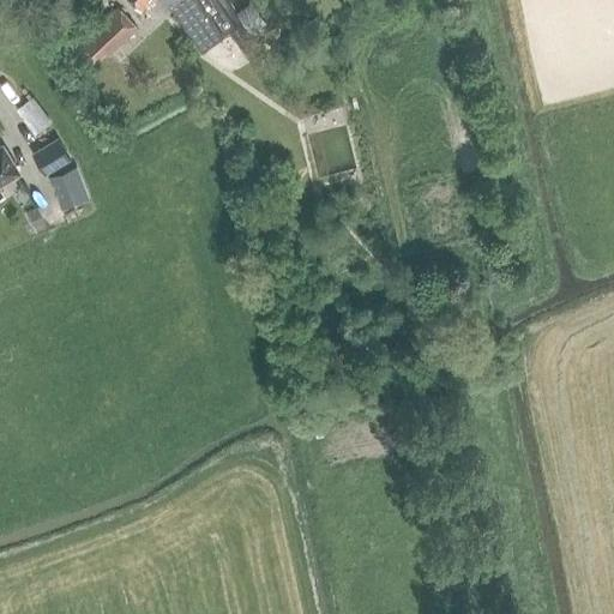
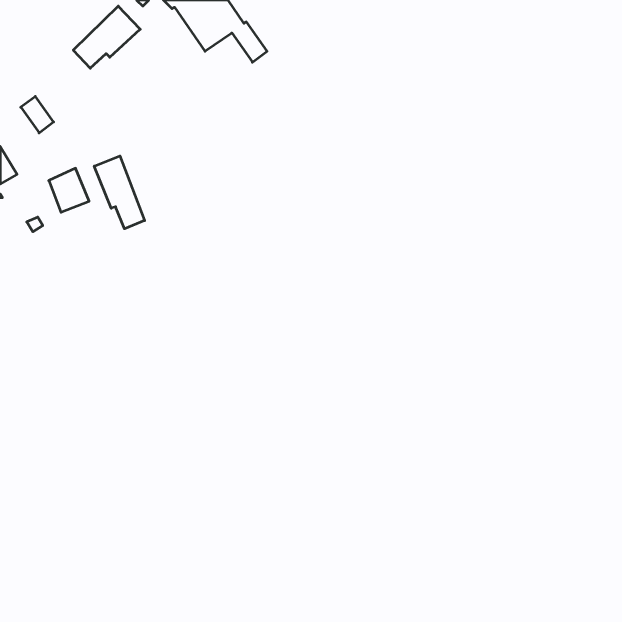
building: [31,138,71,176] -> none
building: none -> [94,156,145,229]

